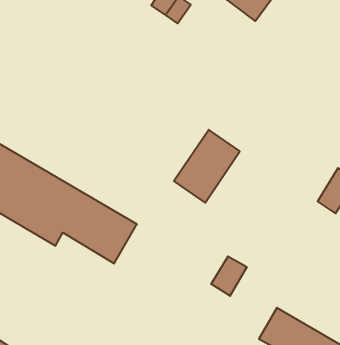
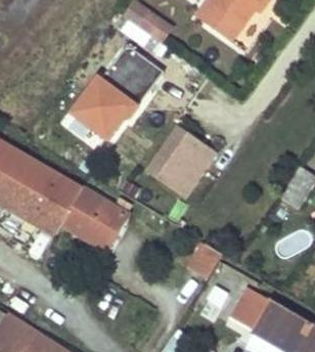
building: none -> [66,42,163,141]

